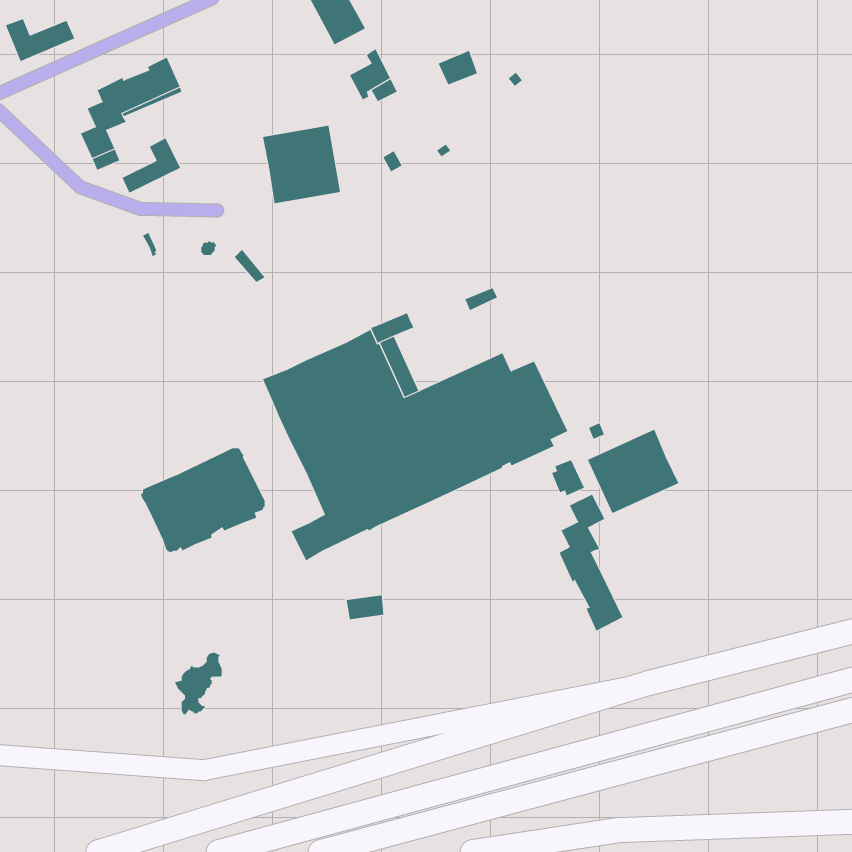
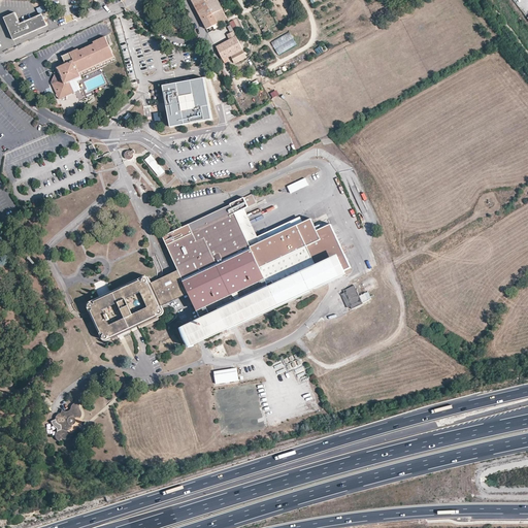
building: [122,138,181,193] -> none
building: [587,429,679,514] -> none
building: none -> [151,269,189,305]
building: [559,494,623,632] -> none
building: [174,652,222,715] -> [51,401,80,440]

